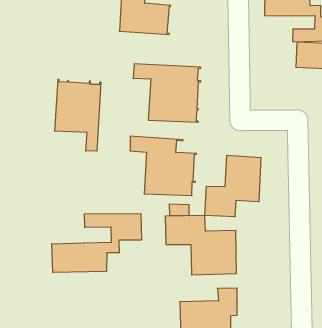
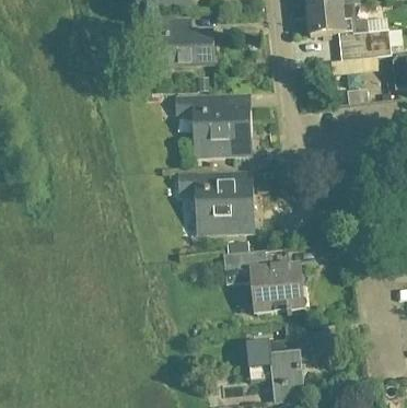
building: [55,79,101,151] -> none
building: [205,155,261,217] -> none
building: [52,214,141,273] -> none

